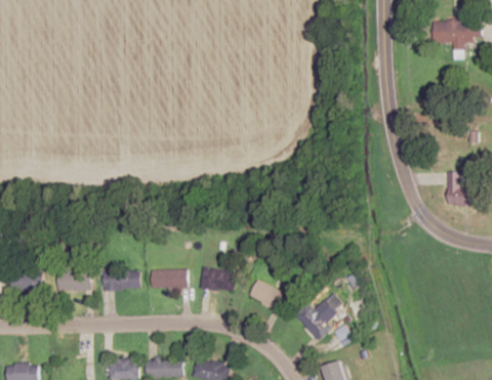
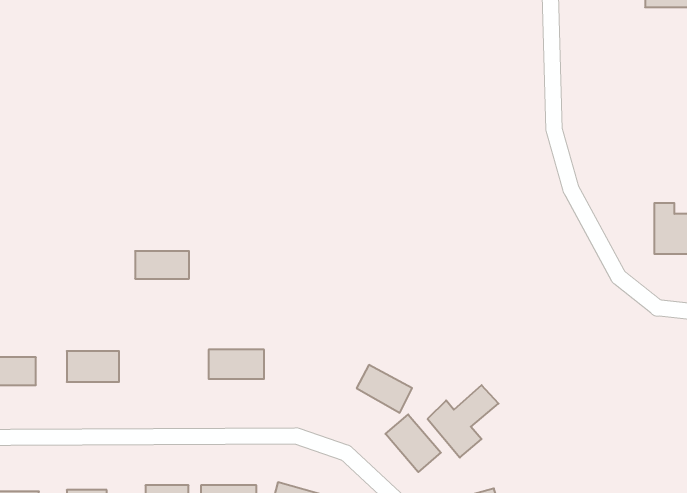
building: [199,267,235,292] -> none
building: [102,271,138,290] -> [135,251,189,279]
building: none -> [385,414,441,472]

